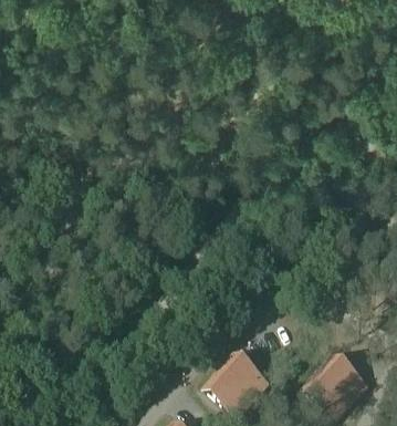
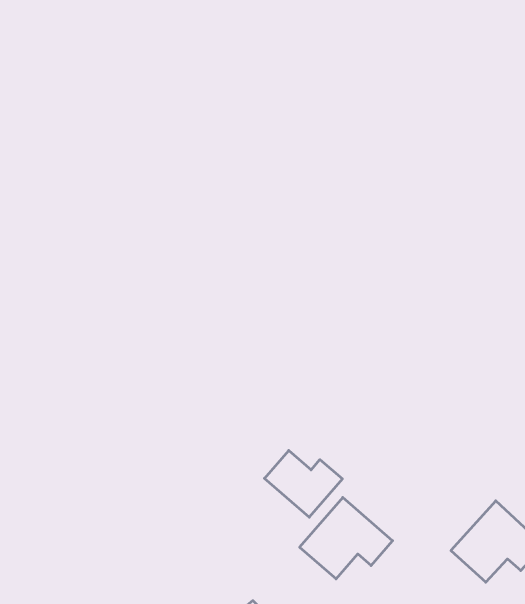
building: none -> [264,450,342,517]

